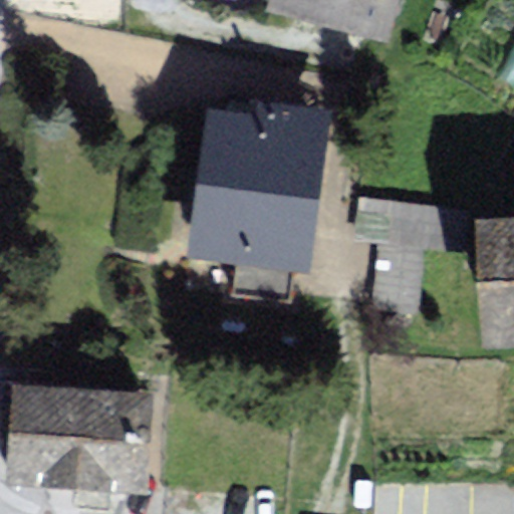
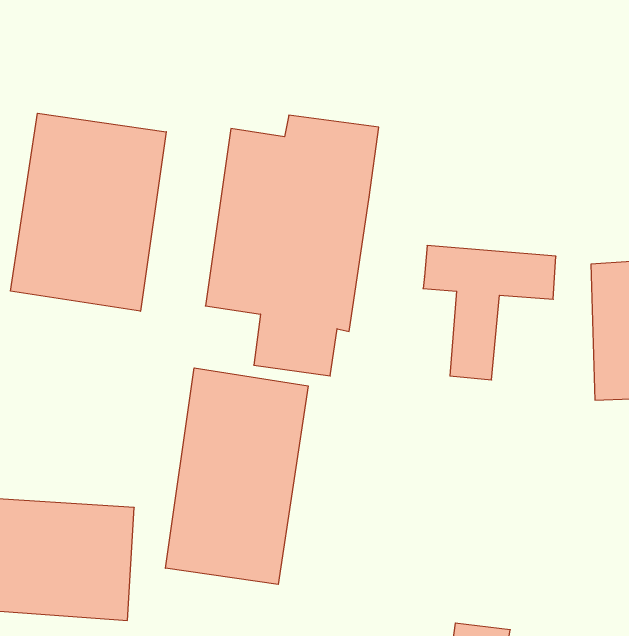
building: none -> [11,113,166,311]
building: none -> [165,368,308,584]

